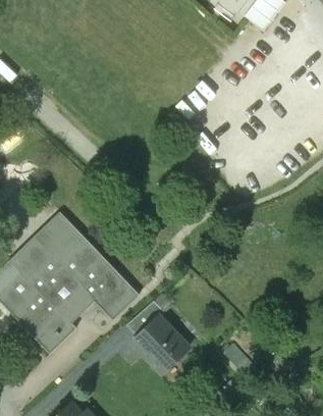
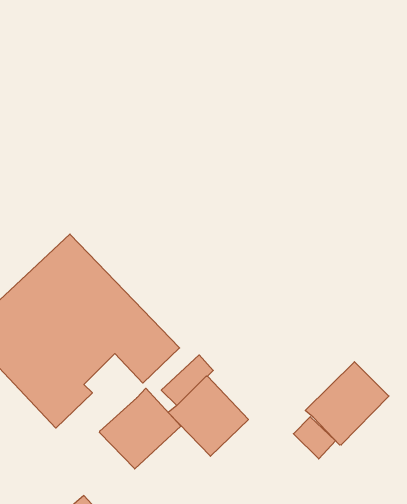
building: none -> [305,362,389,445]
building: none -> [100,388,181,469]

